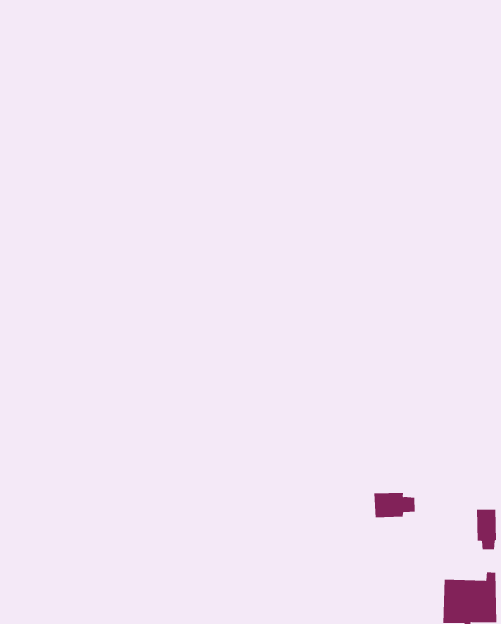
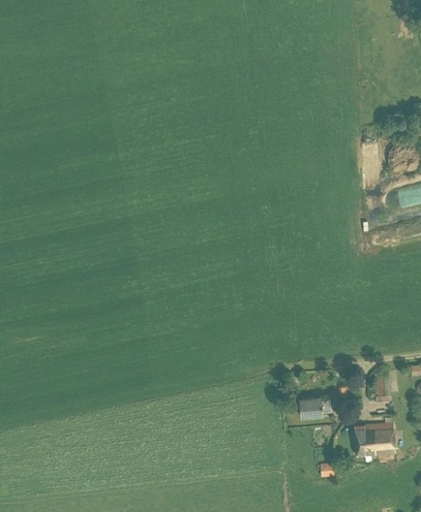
building: [374,492,415,518] -> [299,396,330,416]

